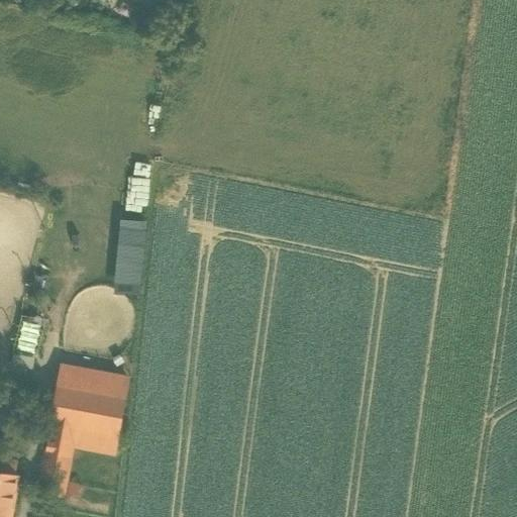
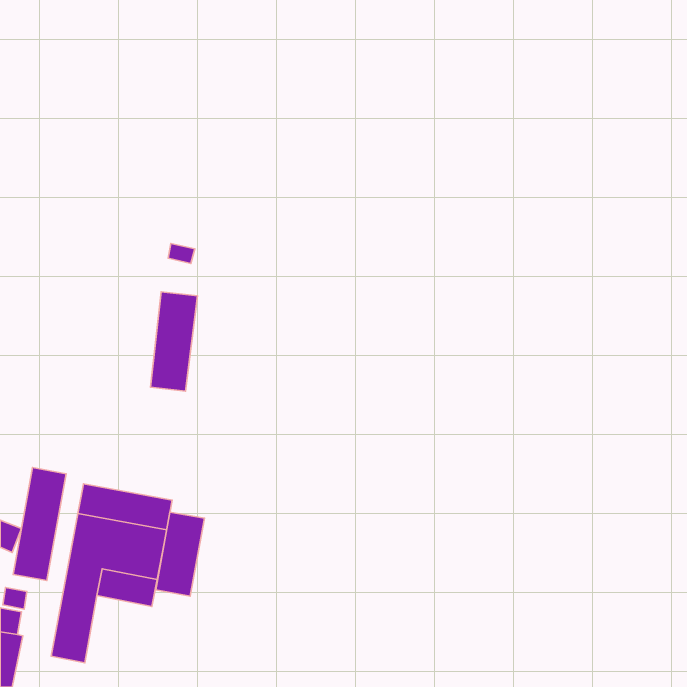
building: none -> [13,468,66,580]
building: none -> [156,512,204,596]

